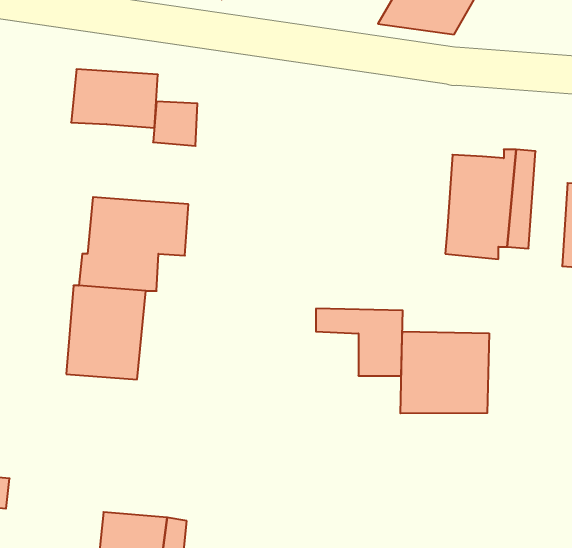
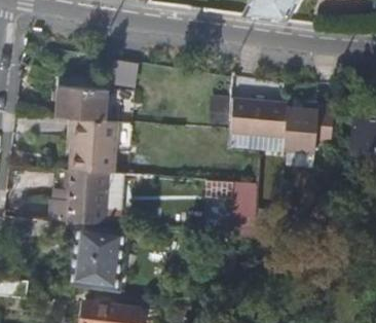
building: [71,69,158,128] -> [55,86,106,120]
building: none -> [229,83,285,138]
building: [400,331,489,413] -> none
building: none -> [69,223,123,291]

